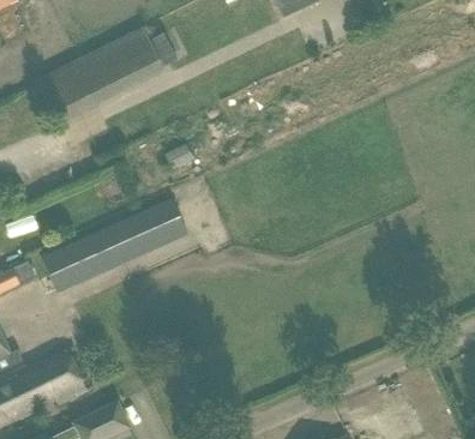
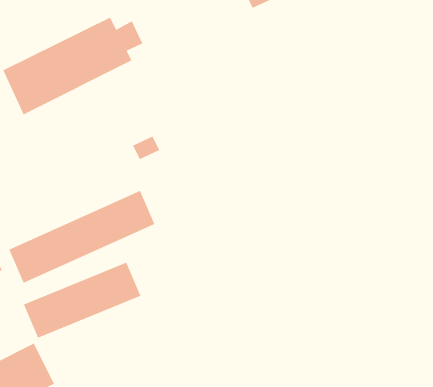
building: none -> [23,262,141,339]

